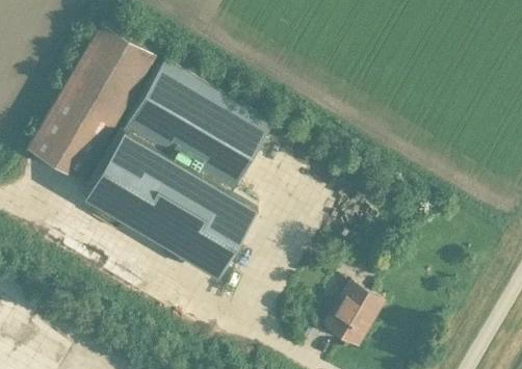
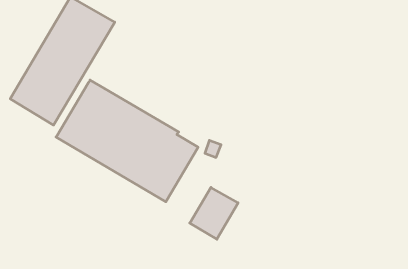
building: [125,60,271,189] -> none
building: [323,284,383,347] -> [190,187,238,239]

